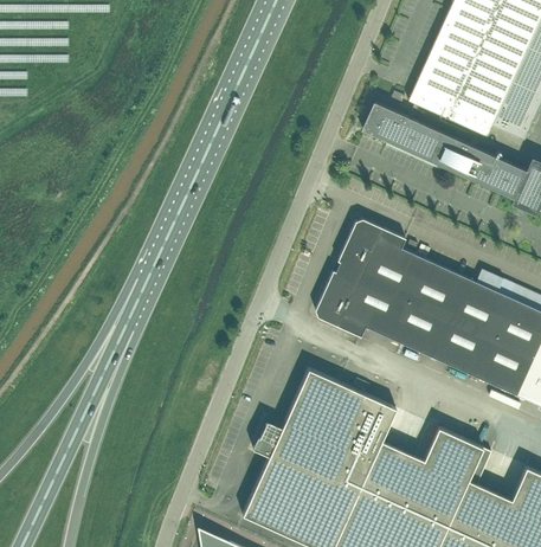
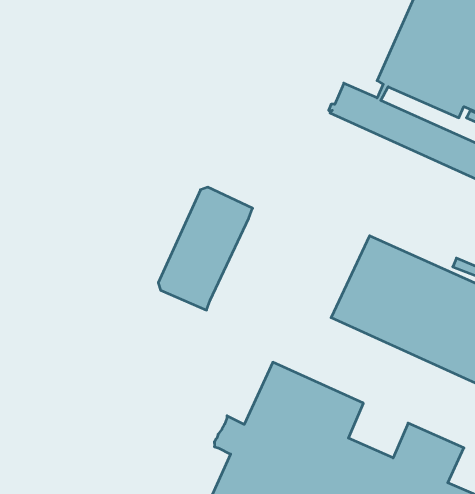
building: [315,219,405,336] -> [158,187,253,310]

